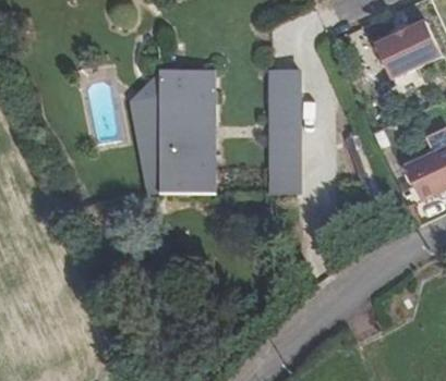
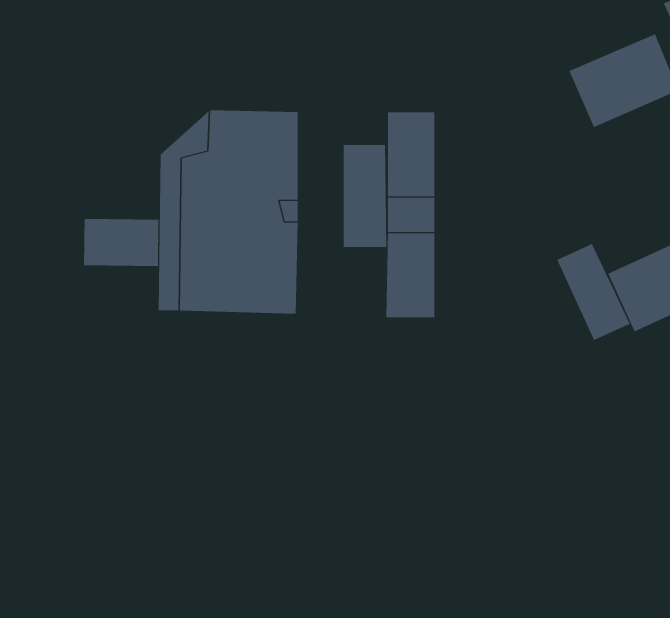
building: none -> [343,144,387,248]
building: none -> [84,218,159,267]
building: none -> [557,243,631,341]

